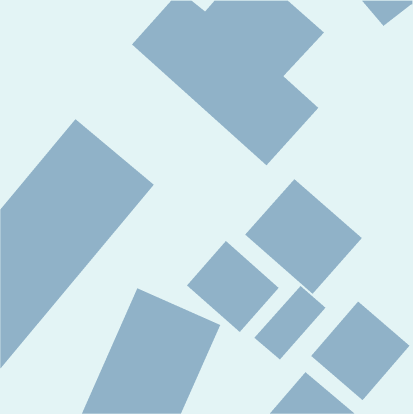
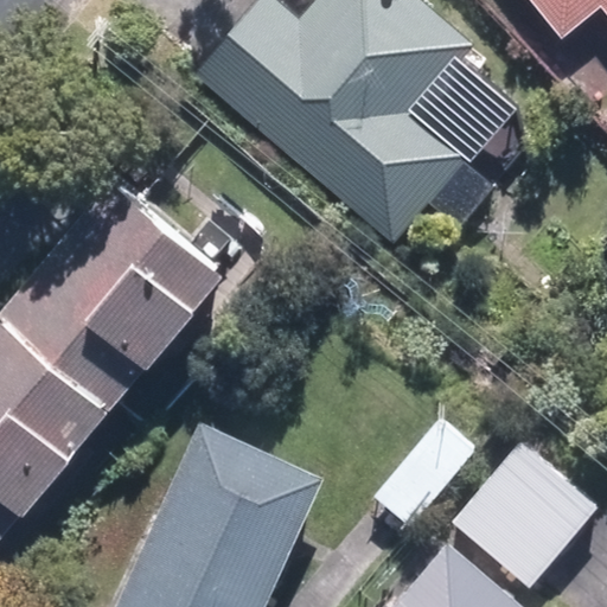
building: [244,178,363,295] -> none
building: [186,240,279,333] -> none

